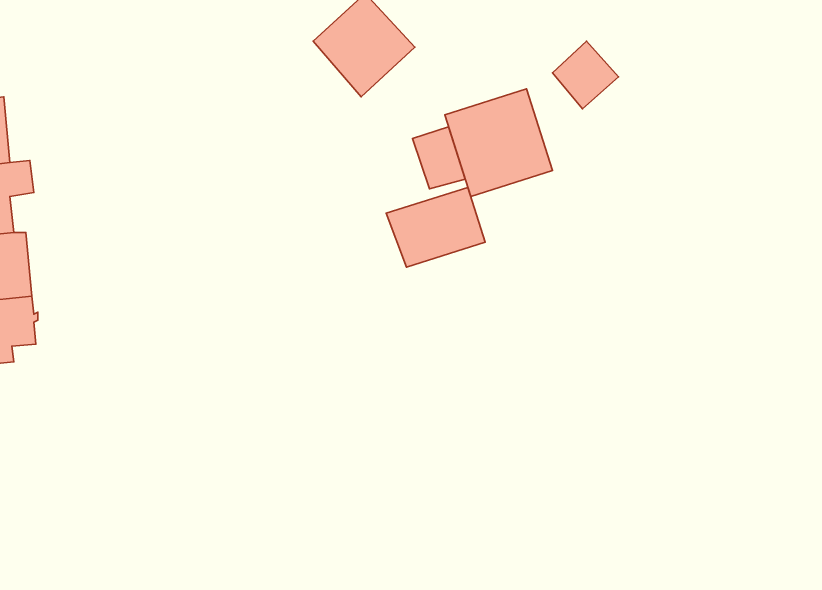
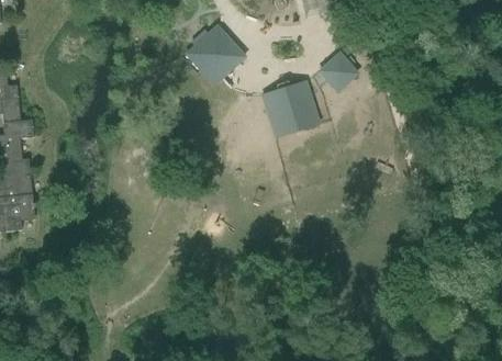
building: [412,127,465,189] -> none
building: [386,187,485,267] -> none

